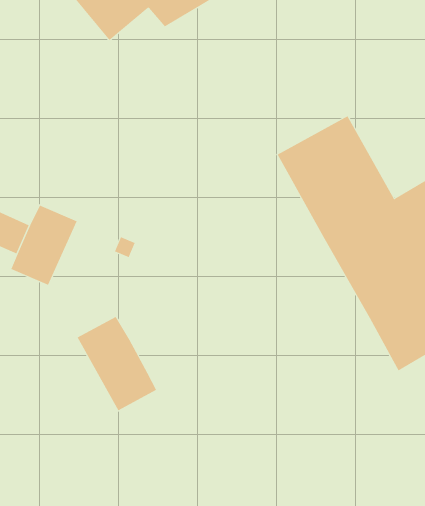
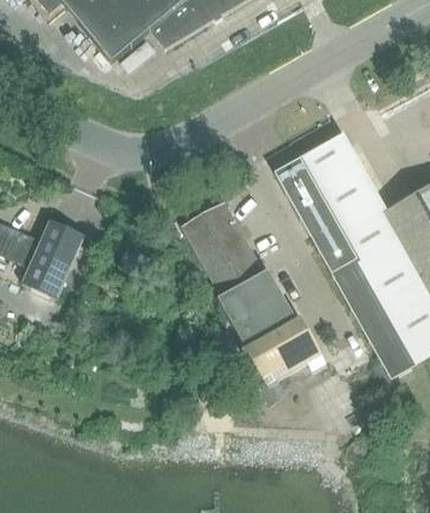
building: none -> [181,200,326,395]
building: [77,316,157,411] -> none

